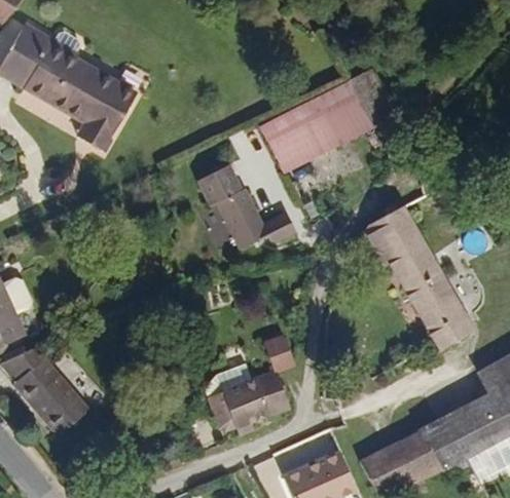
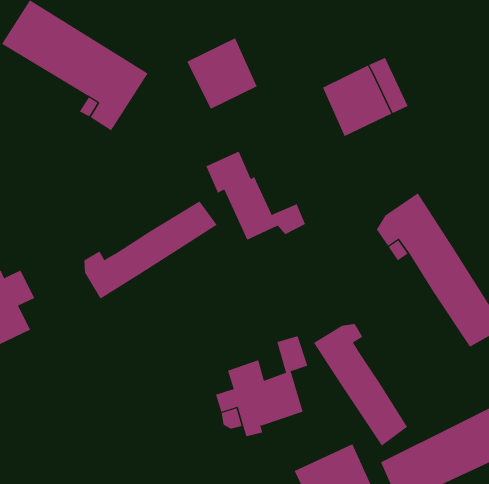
building: [259,106,326,174] -> [186,37,257,110]
building: none -> [84,200,217,300]
building: none -> [313,323,408,446]
building: [6,342,87,434] -> none

